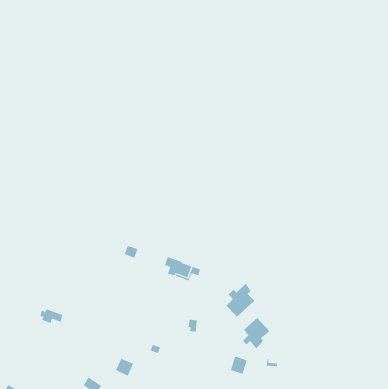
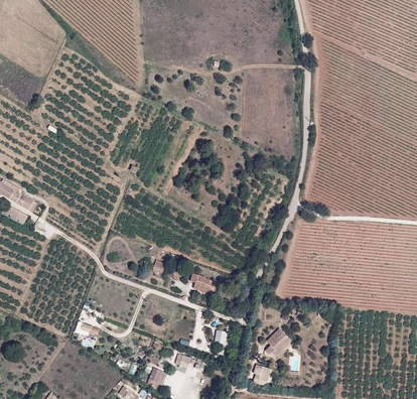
building: [226,283,255,318] -> none

